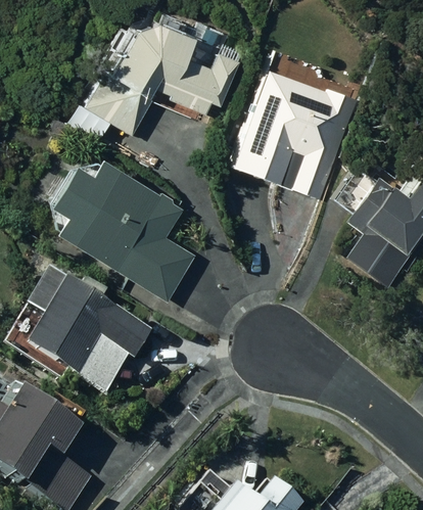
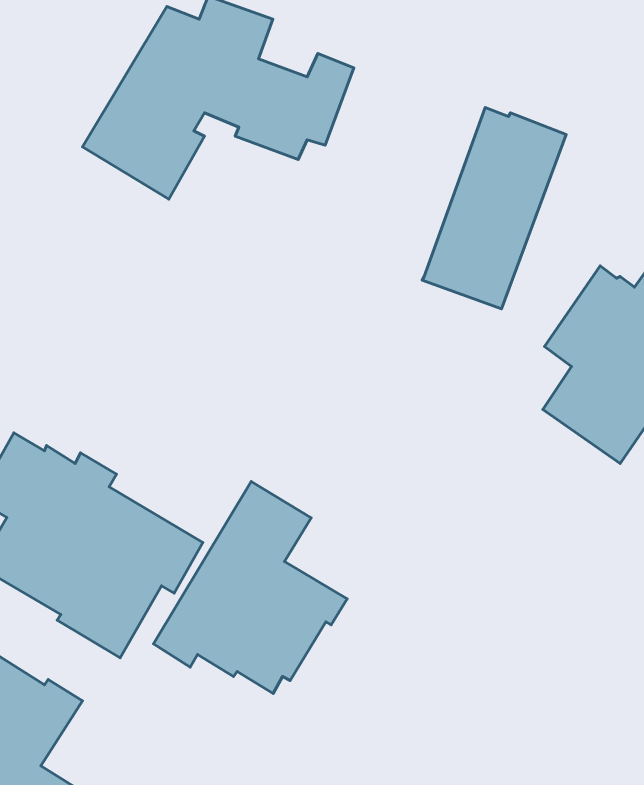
building: [231,67,312,180] -> none
building: [46,154,196,303] -> none
building: none -> [154,481,347,694]

